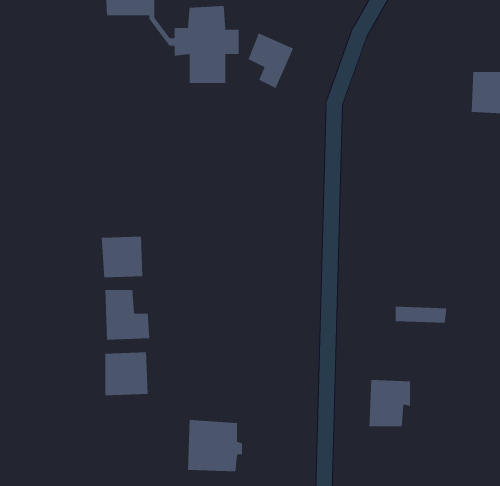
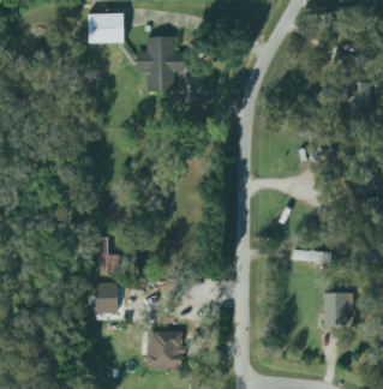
building: [248,33,294,89] -> none
building: [101,236,143,278] -> none
building: [369,380,411,427] -> [323,292,353,325]

